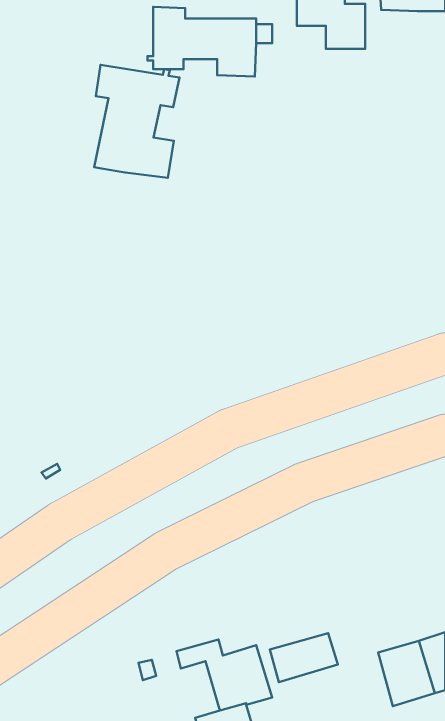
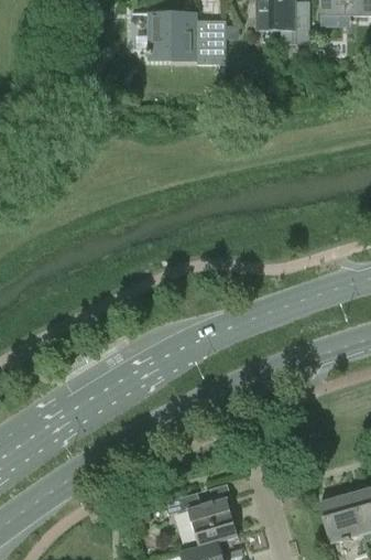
building: [94,65,180,178] -> none
building: [270,633,338,682] -> none

